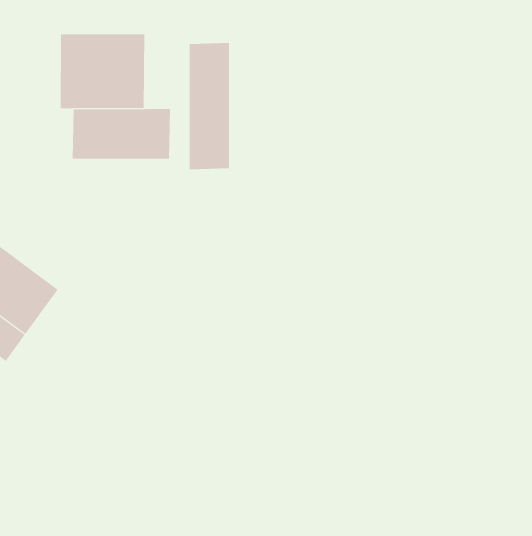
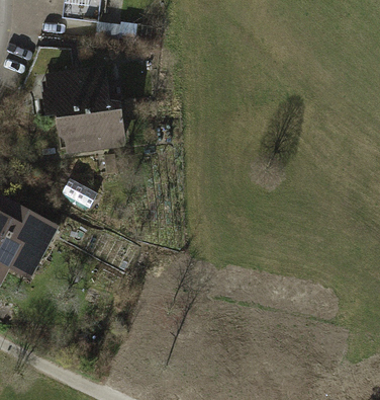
building: [189,42,230,170] -> none

